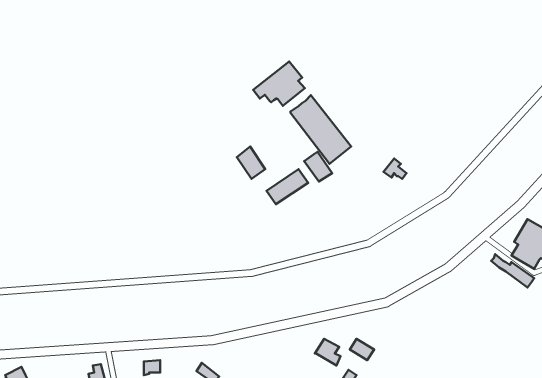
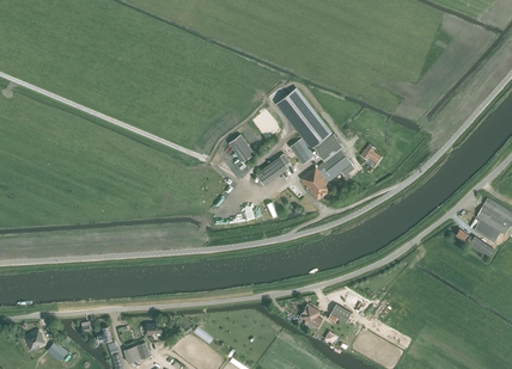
building: [253,62,305,106] -> none
building: none -> [300,149,352,201]

